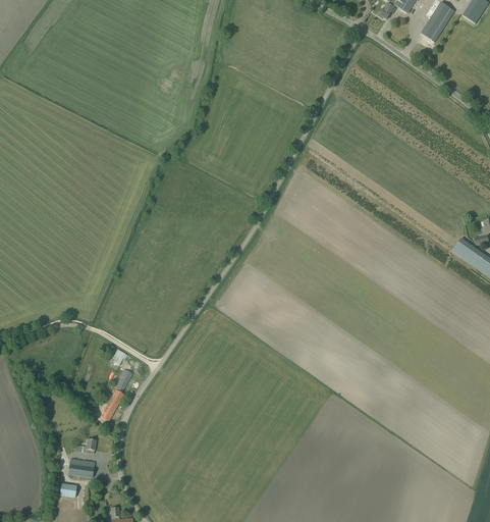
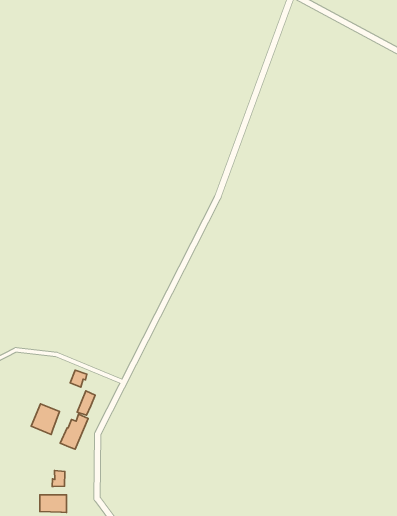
building: none -> [31,404,59,434]

